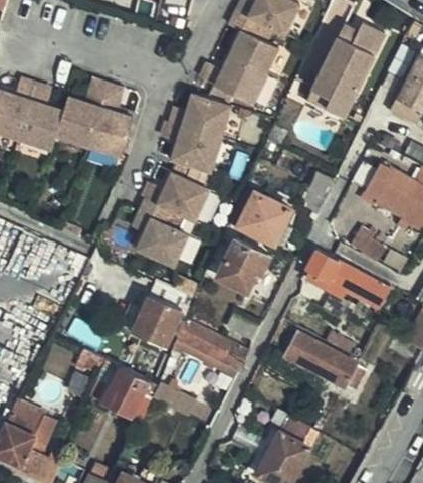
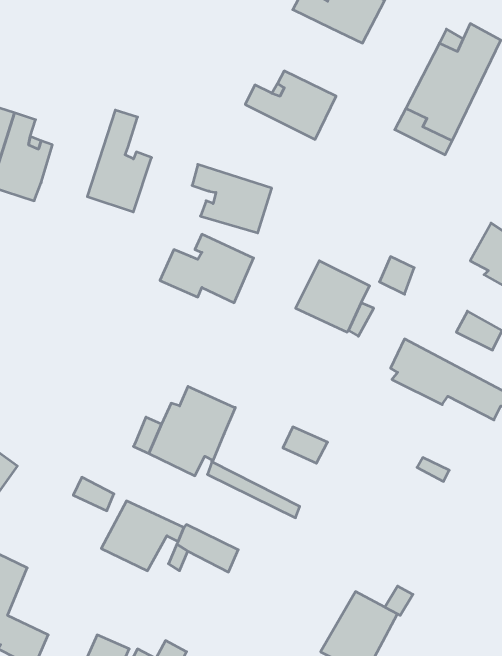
building: [227,11,277,73] -> none
building: [53,78,107,146] -> none
building: [166,94,230,140] -> none
building: [130,206,186,267] -> none
building: [216,238,268,289] -> none
building: [176,317,248,369] -> none
building: [284,332,367,391] -> none

